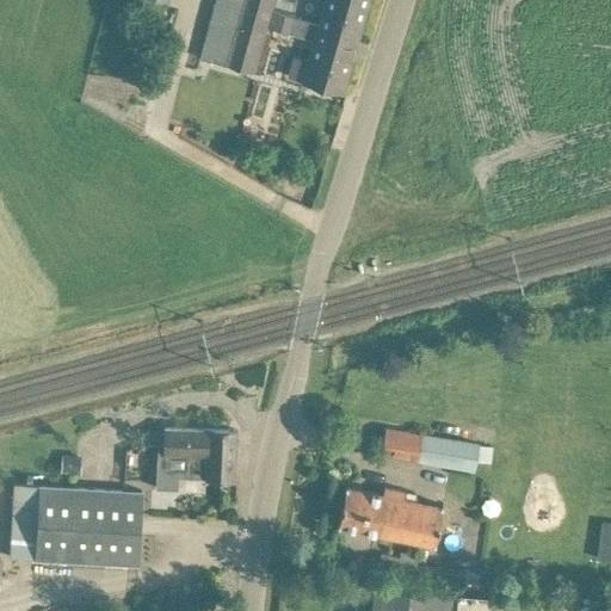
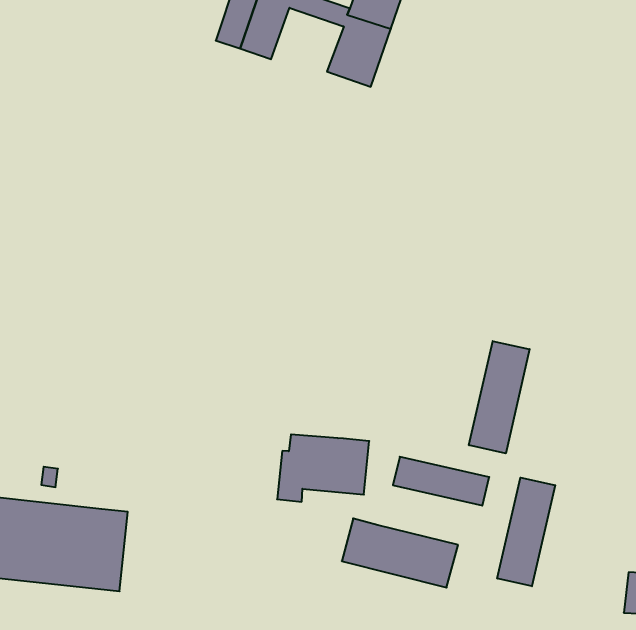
building: none -> [469,341,530,453]
building: [156,431,237,492] -> [277,434,369,502]
building: none -> [497,478,555,586]

